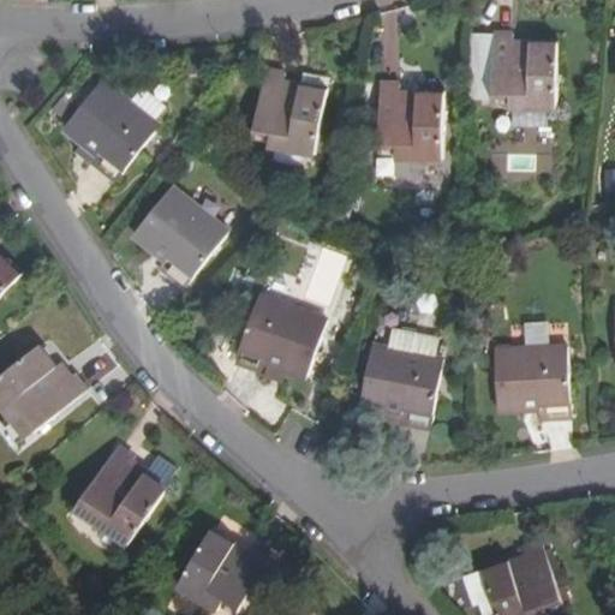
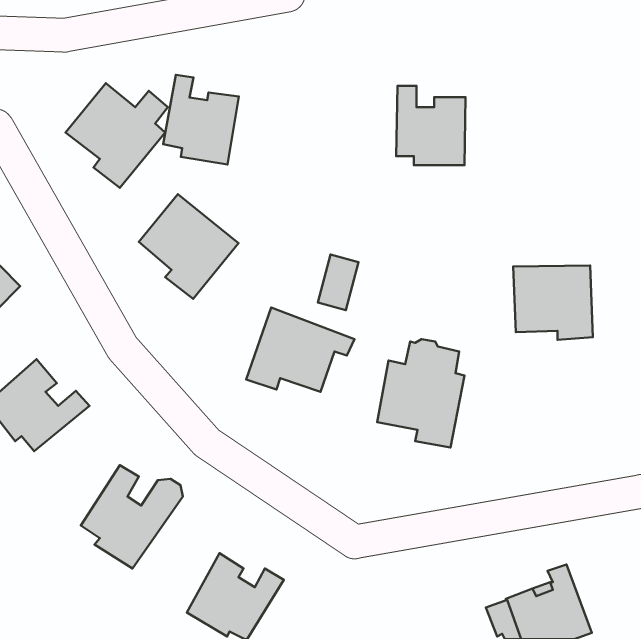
building: [466,31,555,107] -> none
building: [252,67,324,153] -> [163,75,239,164]
building: [495,346,571,417] -> [513,265,593,340]

